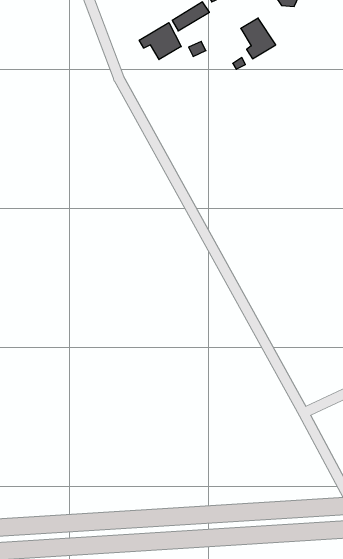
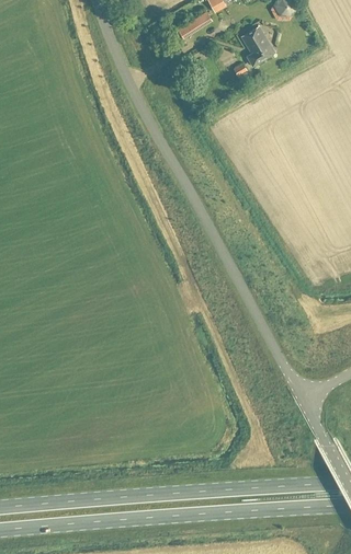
building: [139,23,181,60] -> none

